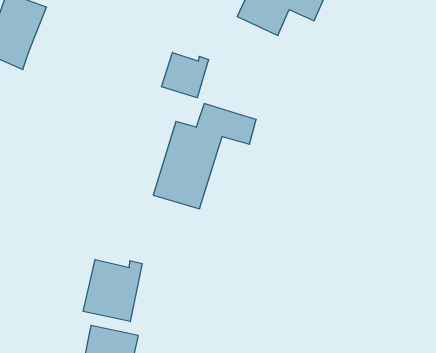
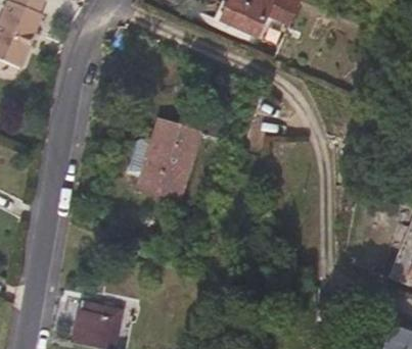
building: [161,52,209,98] -> none
building: [83,259,142,322] -> none

